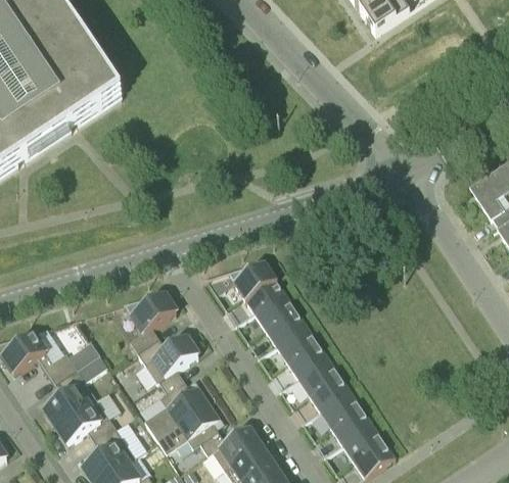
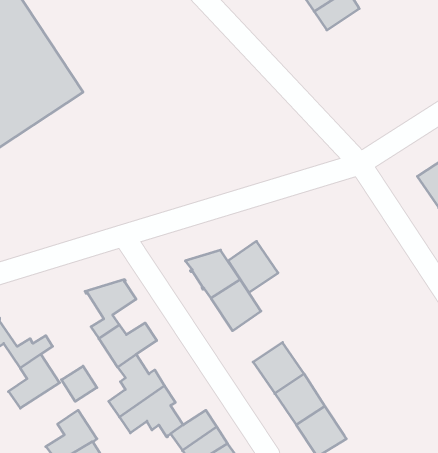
building: [277,326,329,379] -> [228,241,278,292]
building: [56,400,117,445] -> none

